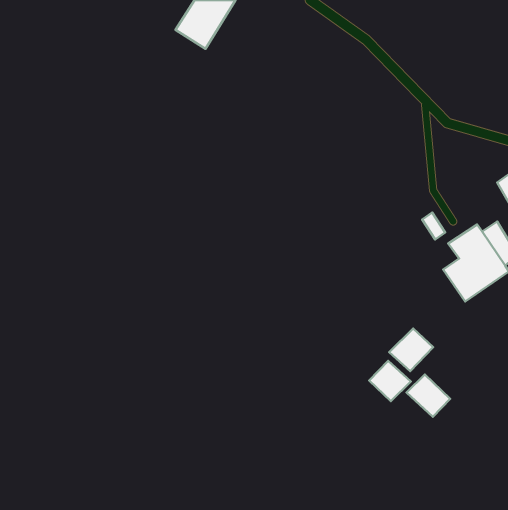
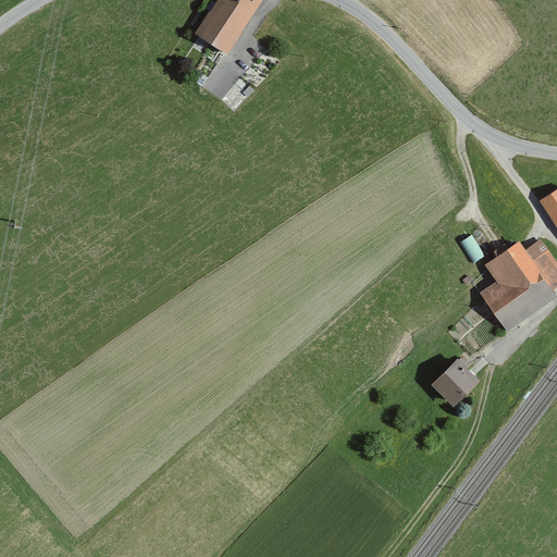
building: [369,361,411,401] -> none
building: [407,375,450,417] -> none

